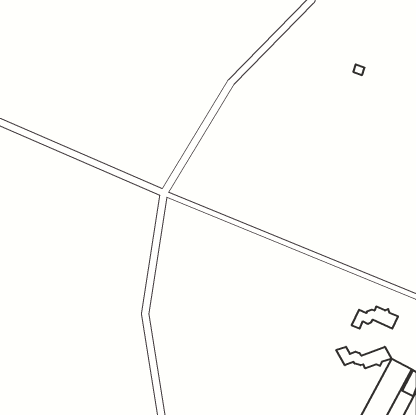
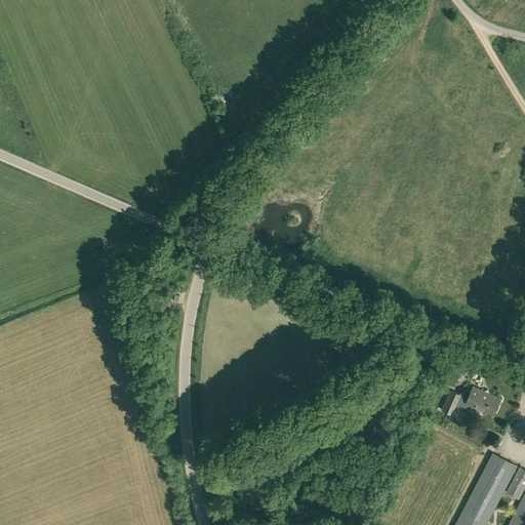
building: [336,347,392,368] -> none

